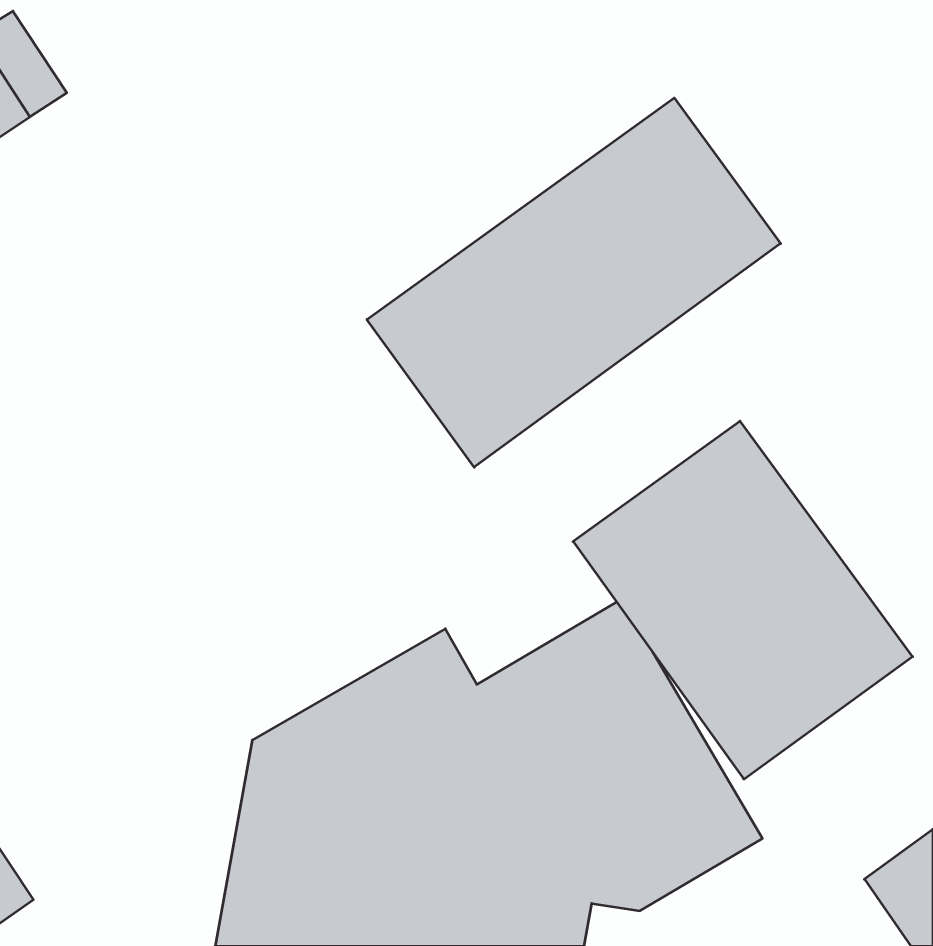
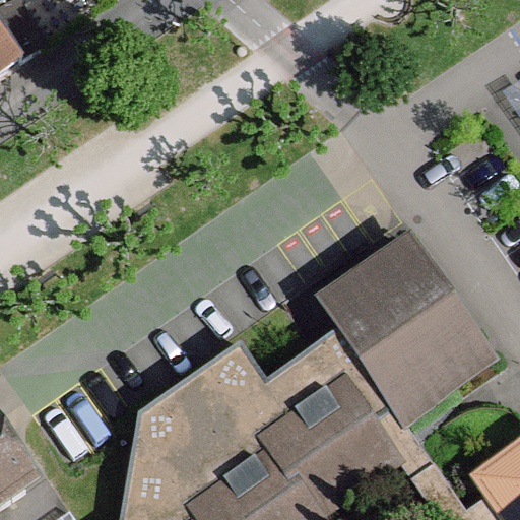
building: [367,98,781,467] -> none

